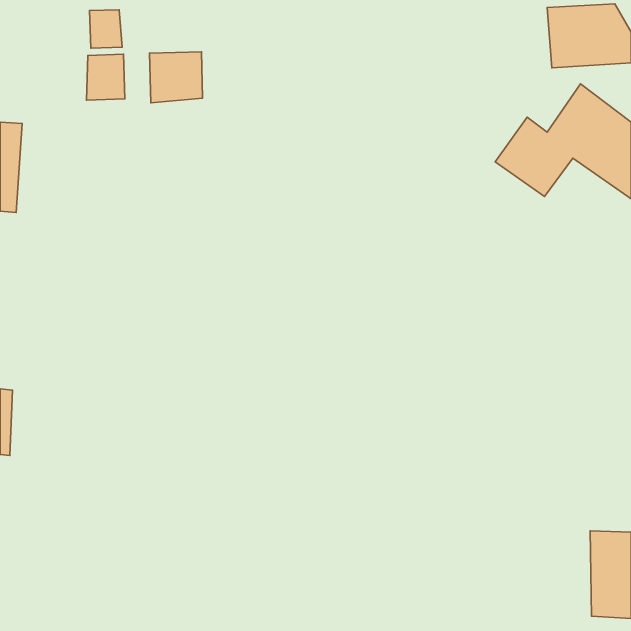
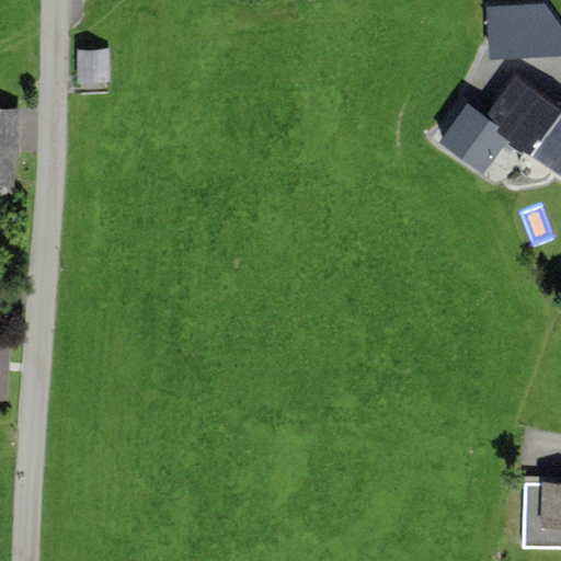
building: [90,10,122,48] -> none
building: [150,52,203,103] -> none

